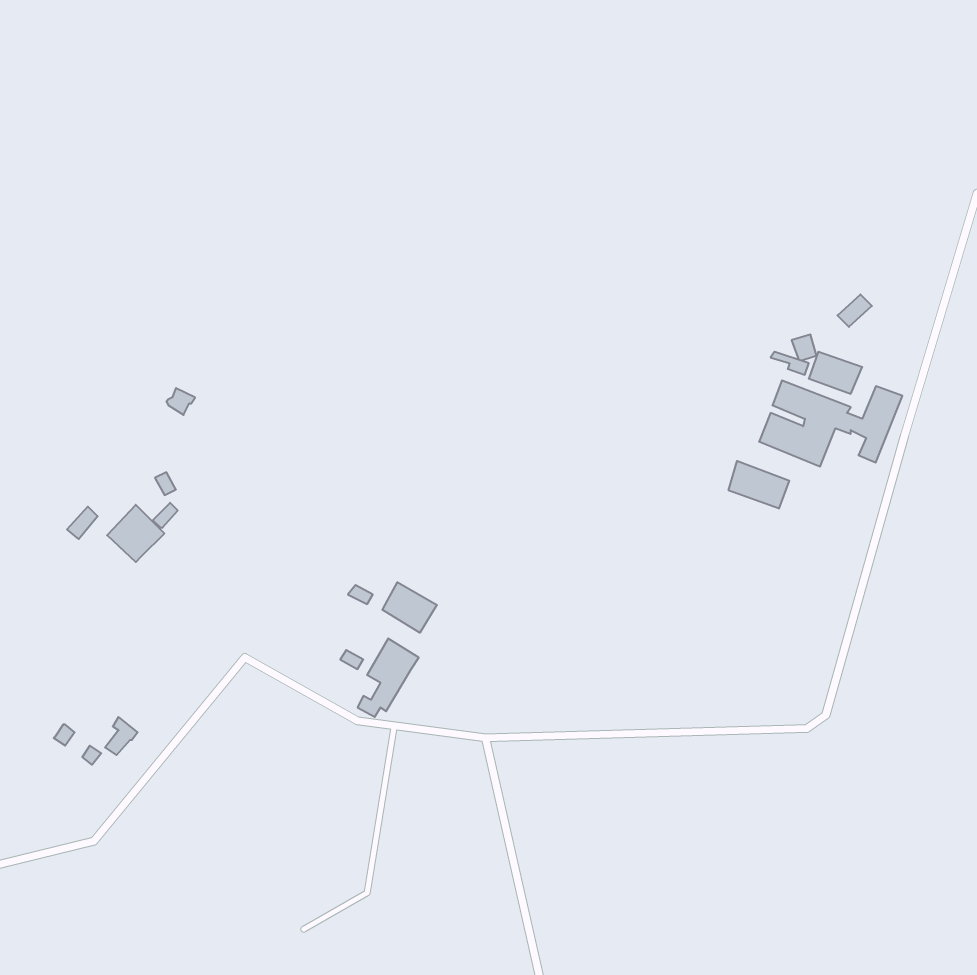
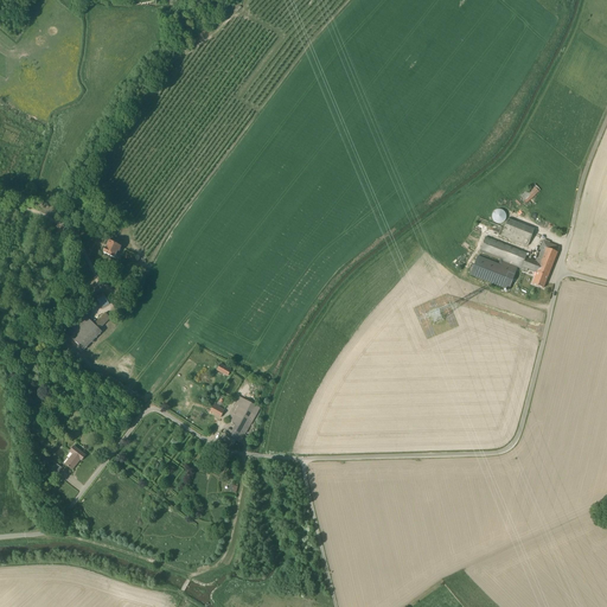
building: [729,461,789,509] -> none
building: [382,582,437,633] -> none

